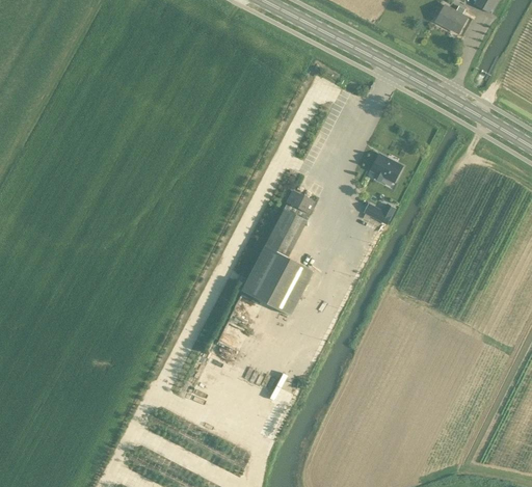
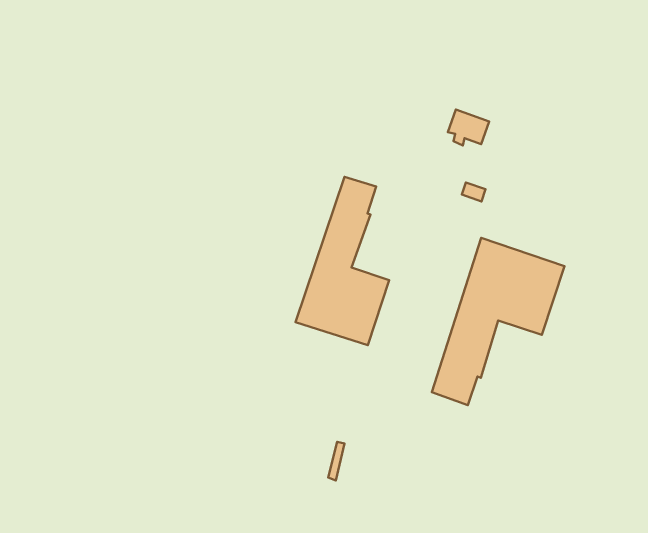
building: none -> [432,238,565,405]

